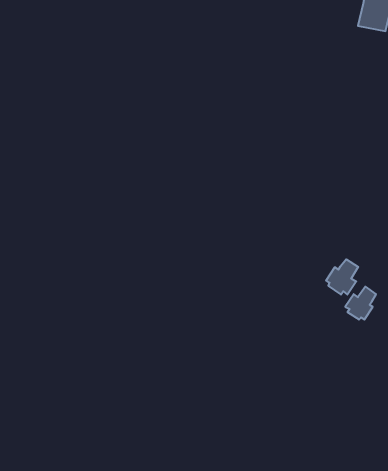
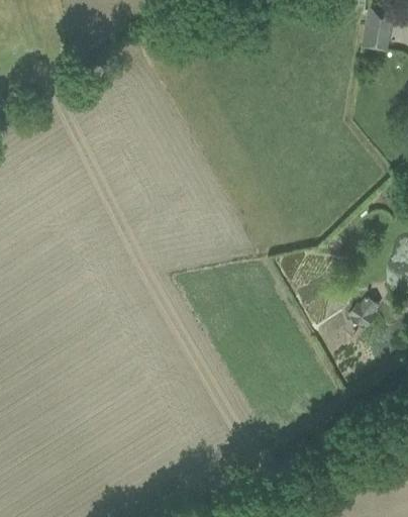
building: [326,259,358,295] -> none

